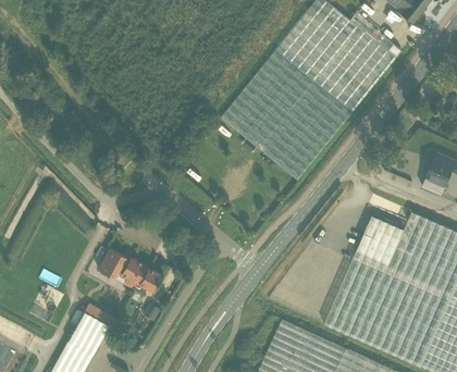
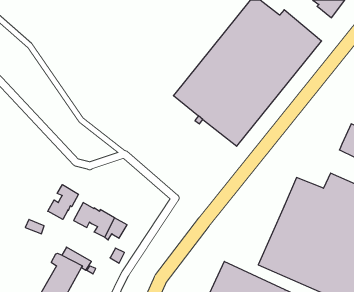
building: none -> [48,185,78,219]

